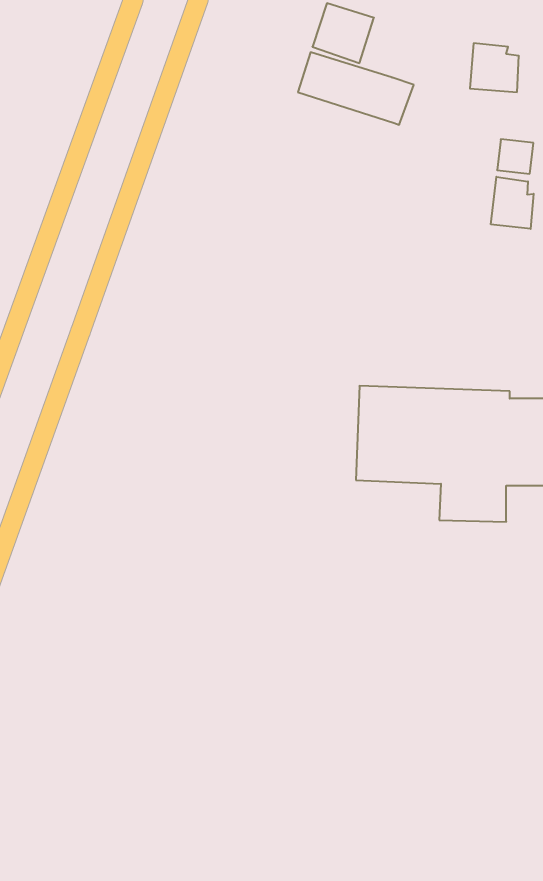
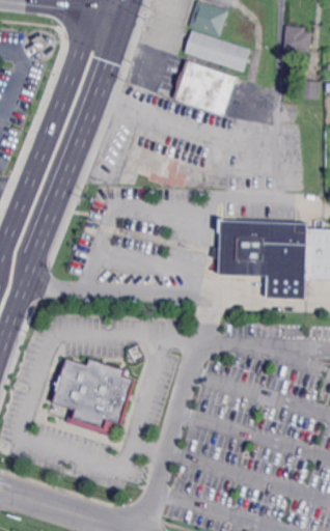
building: none -> [172,59,233,115]
building: [491,177,534,229] -> none
building: none -> [51,359,132,428]

